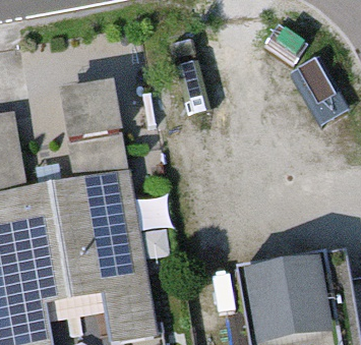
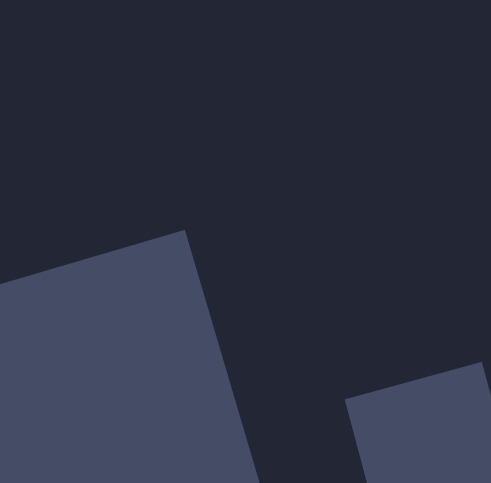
building: [54,77,122,169] -> none

